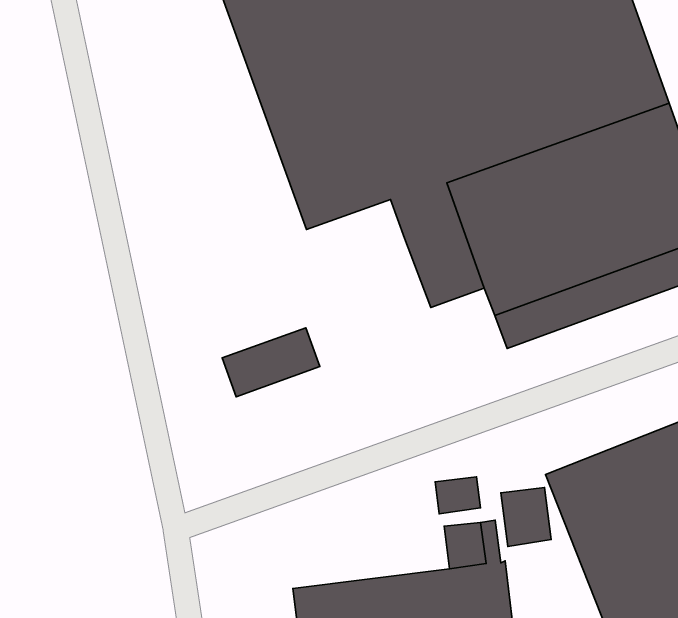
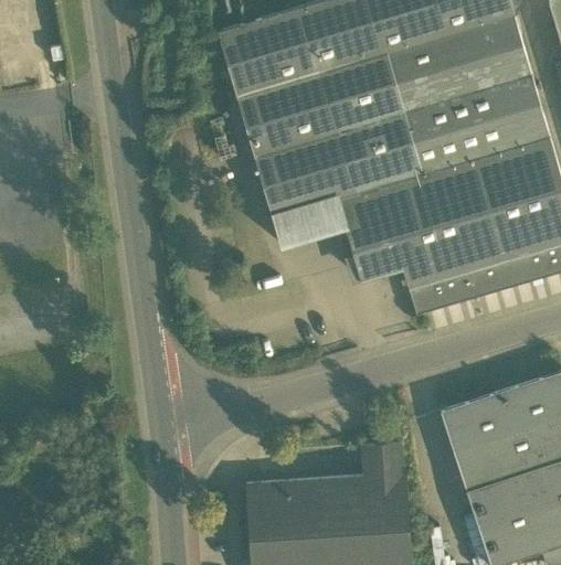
building: [222,328,320,397] -> [272,196,345,245]
building: [435,477,480,514] -> none
building: [501,488,551,546] -> none

